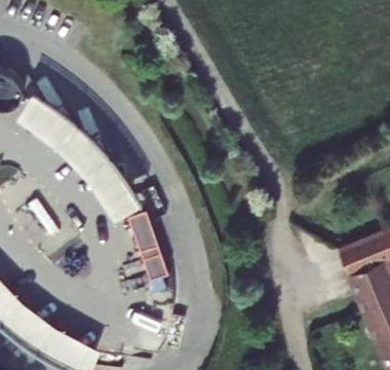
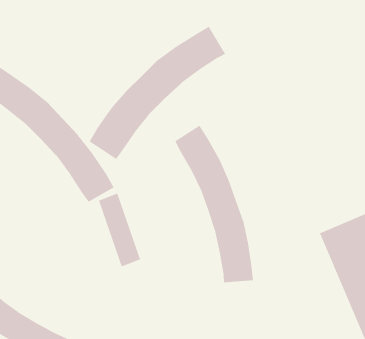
building: none -> [89,26,226,160]
building: none -> [174,125,254,283]

